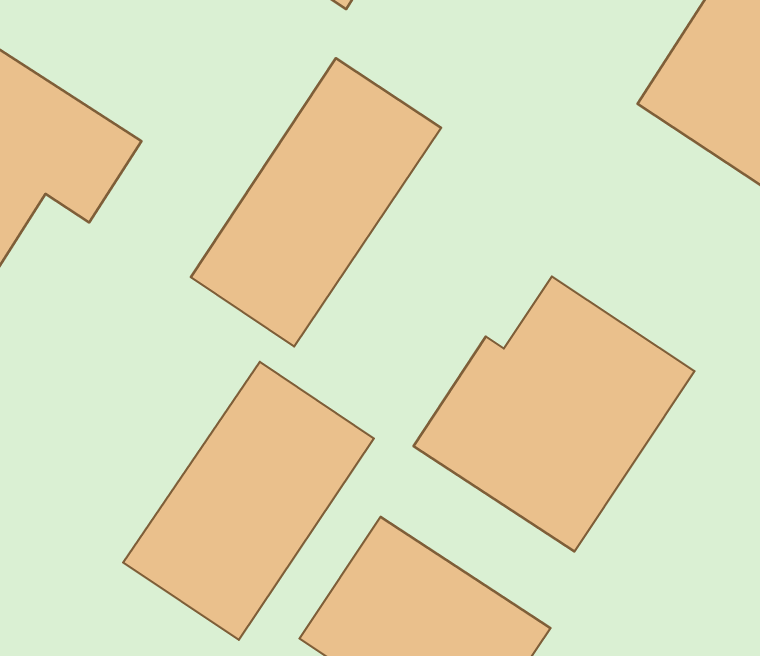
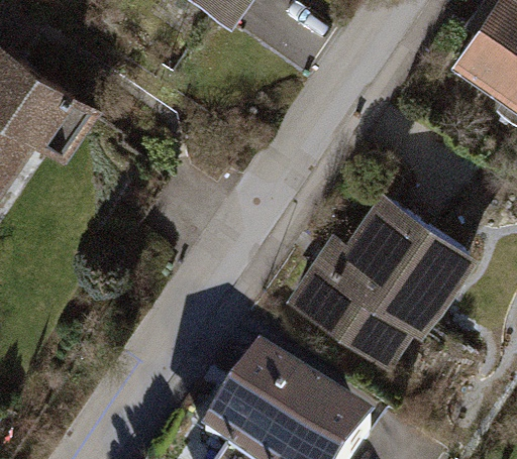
building: [191,58,441,346] -> none
building: [123,362,374,640] -> none

